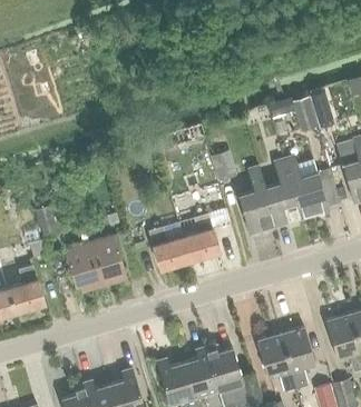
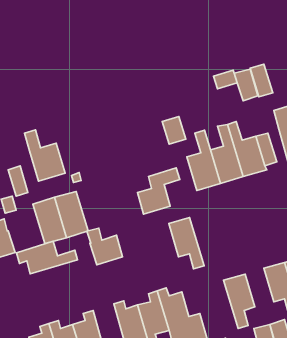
building: none -> [24,130,65,181]
building: [149,227,189,268] -> [87,228,122,265]
building: none -> [16,241,77,274]
building: [256,334,296,391] -> [169,217,204,269]

